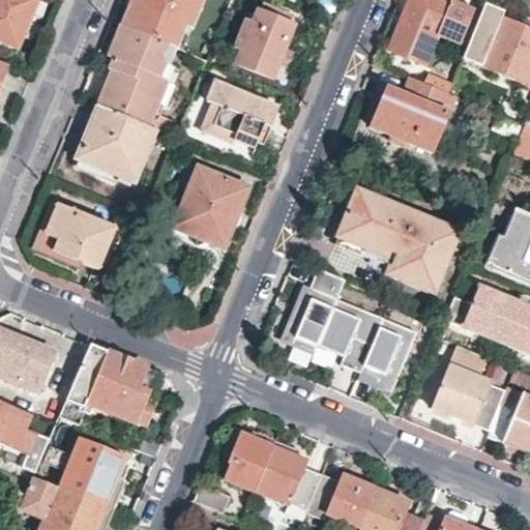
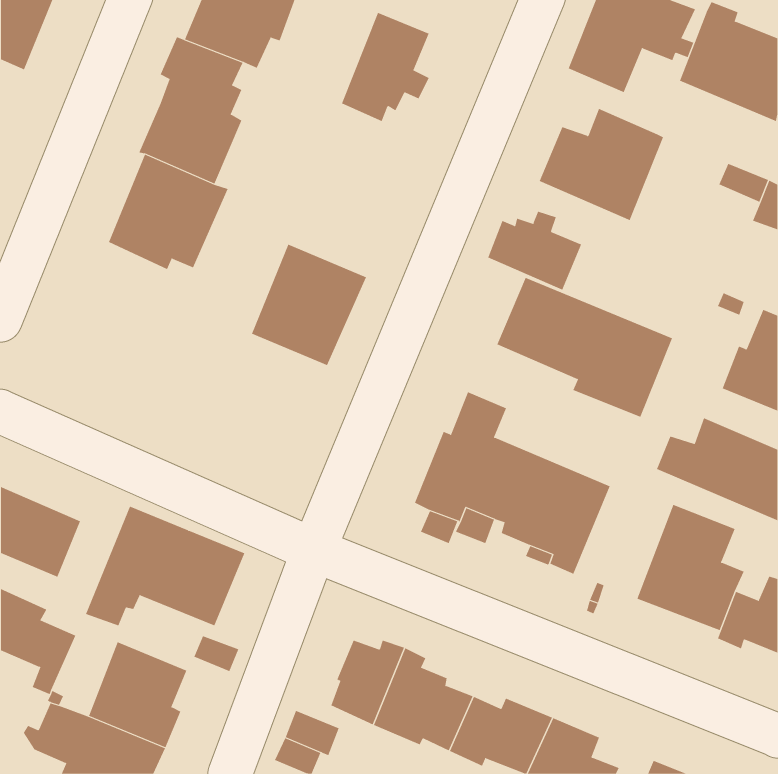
building: [200,82,277,151] -> none
building: none -> [487,211,582,290]
building: [41,204,112,269] -> none

